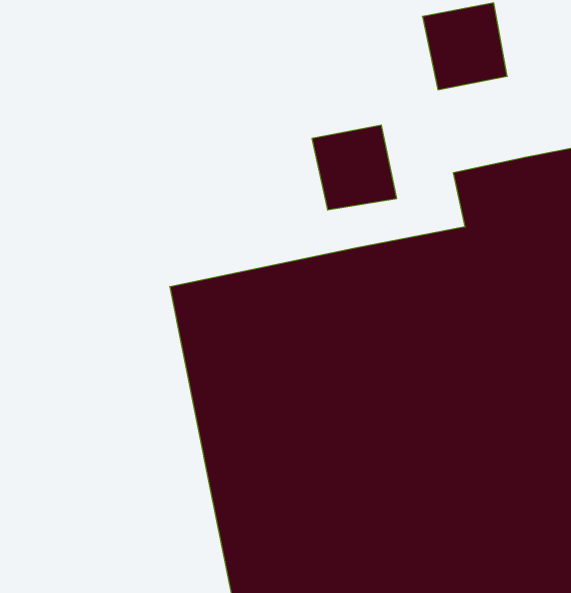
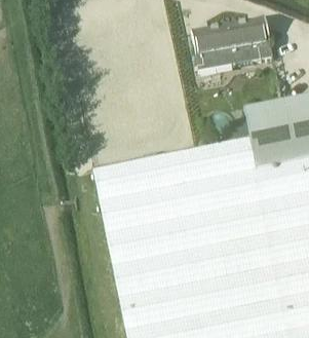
building: [312,125,397,210] -> [191,28,236,73]

